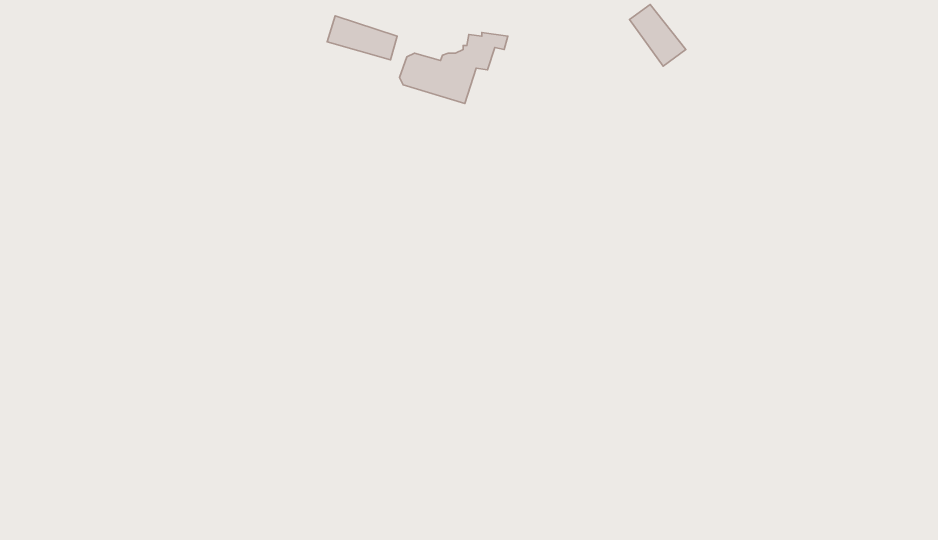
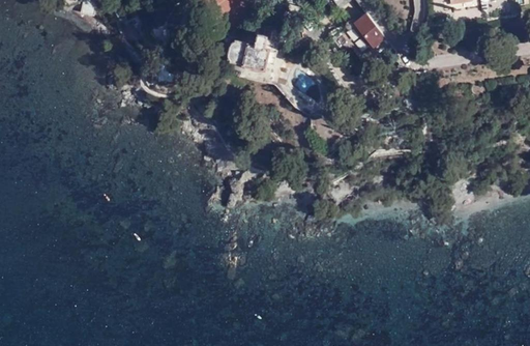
building: [327,16,397,60] -> none

